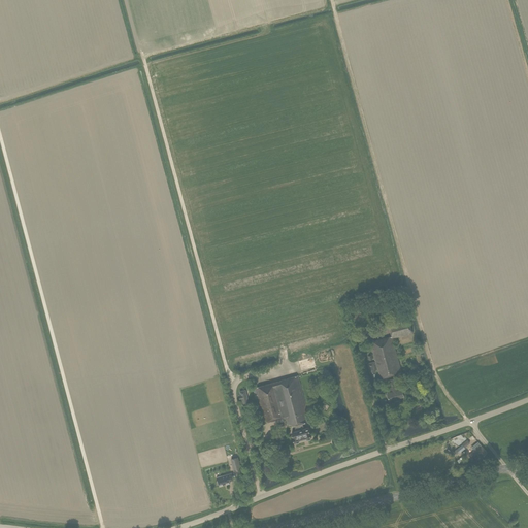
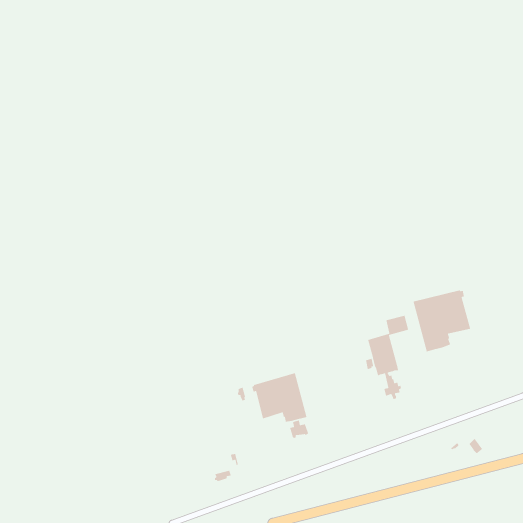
building: none -> [413,289,471,353]

